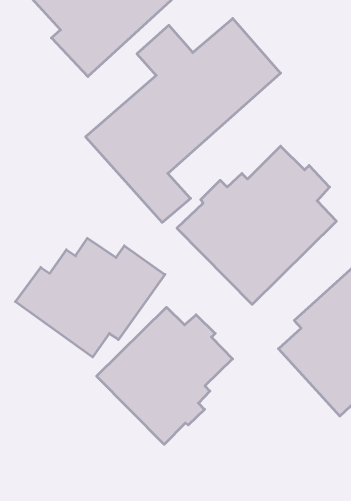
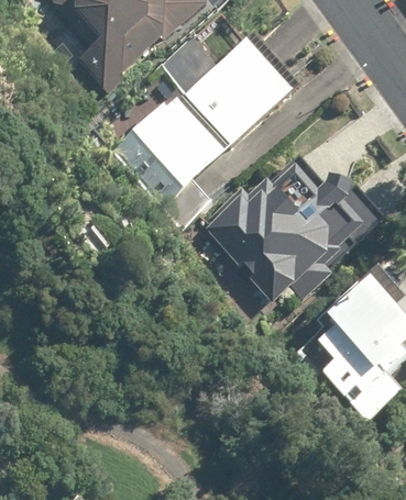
building: [15,238,165,357] -> none
building: [97,307,233,444] -> none

